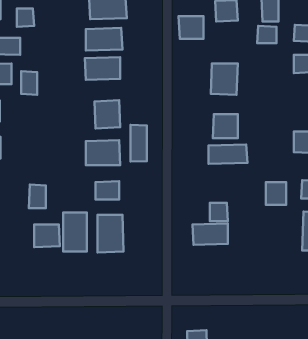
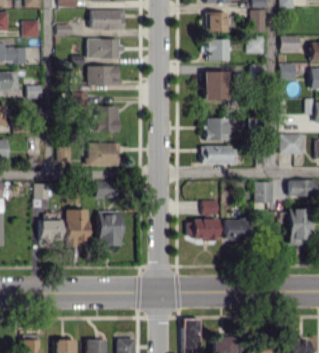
building: [179,16,203,39] -> [206,39,229,60]
building: [130,125,147,162] -> none
building: none -> [224,219,250,241]

